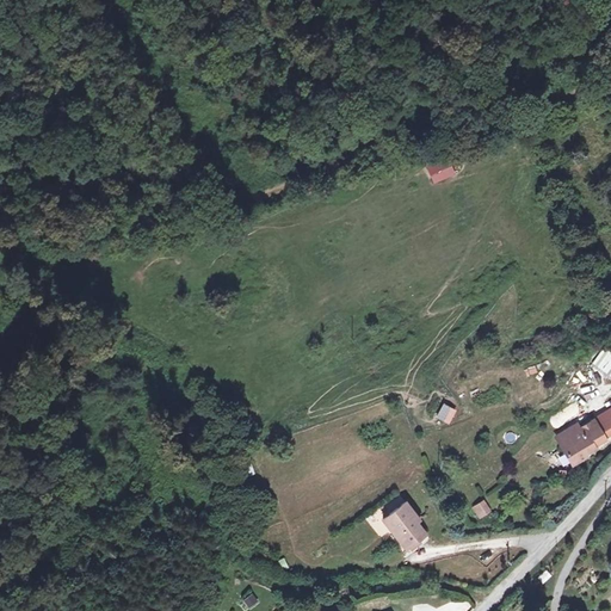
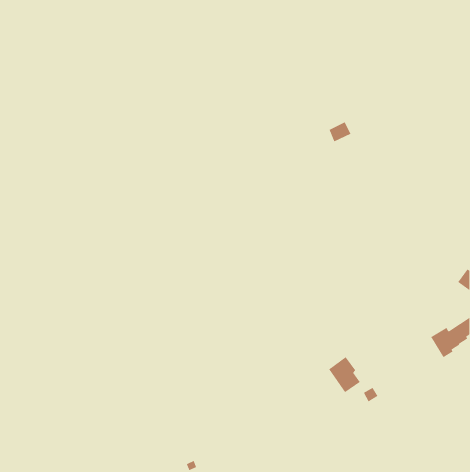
building: [387,501,428,549] -> [328,356,361,393]

